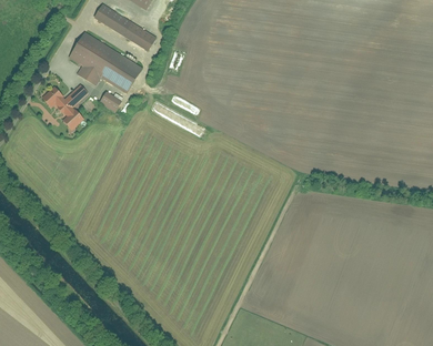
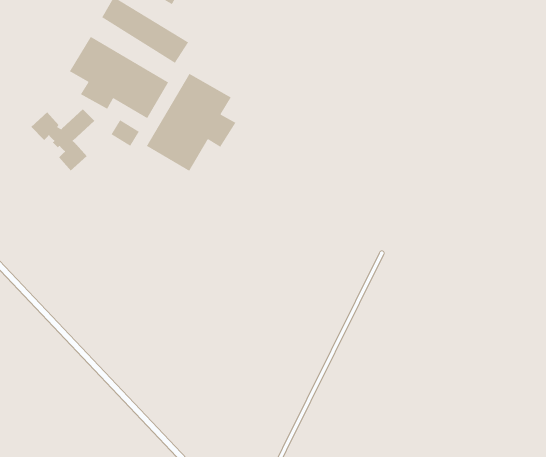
building: none -> [146,73,237,172]

